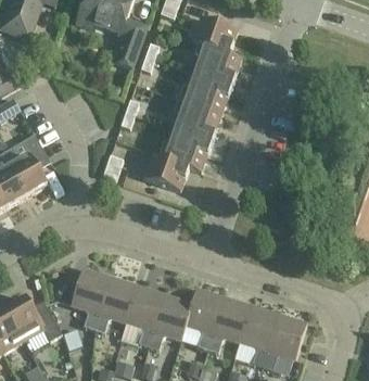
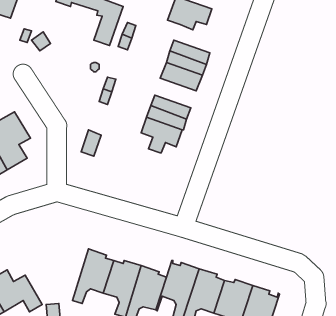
building: [198,41,241,74] -> none
building: [178,100,220,130] -> none
building: [143,152,183,190] -> none
building: [69,267,110,329] -> none

